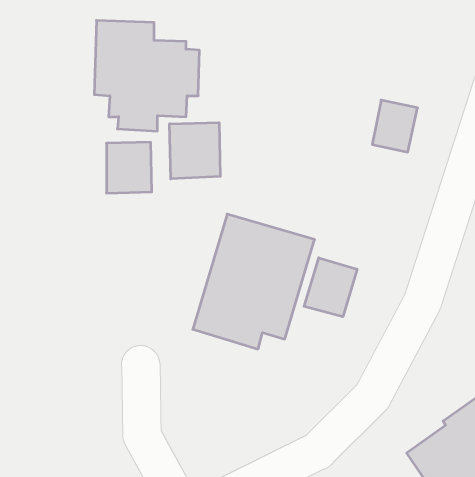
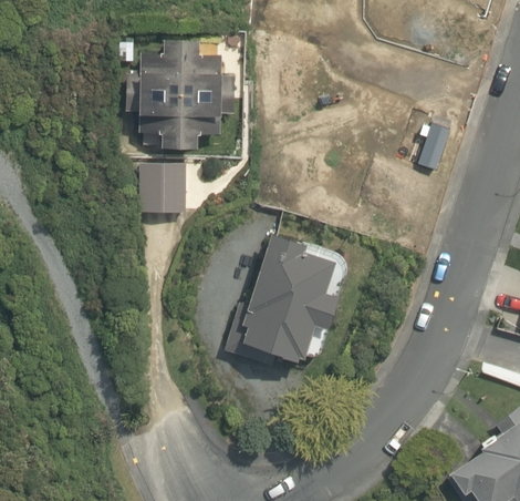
building: [170,123,220,179] -> none
building: [304,258,357,317] -> none

